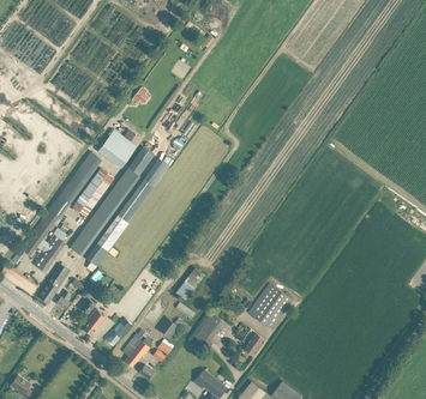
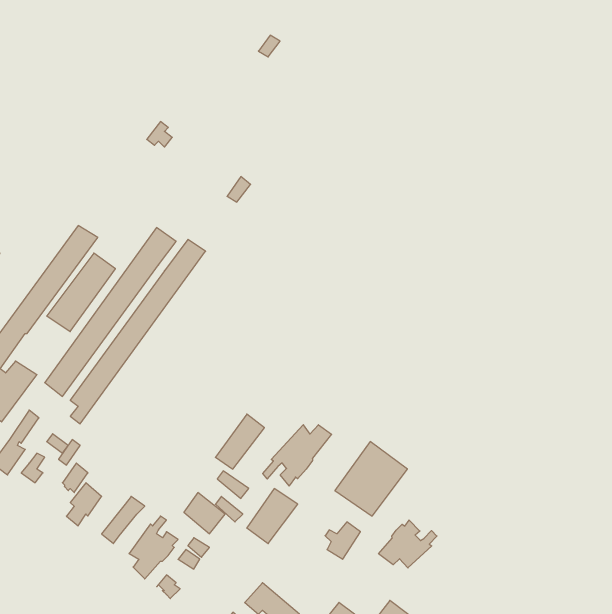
building: [102,128,137,163] -> none
building: none -> [263,425,332,486]
building: none -> [379,520,437,568]

